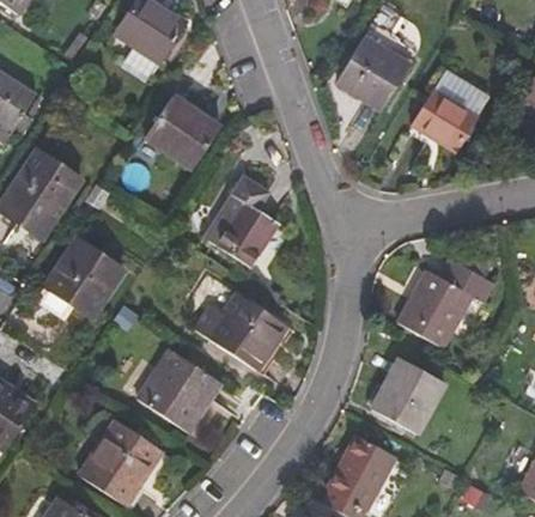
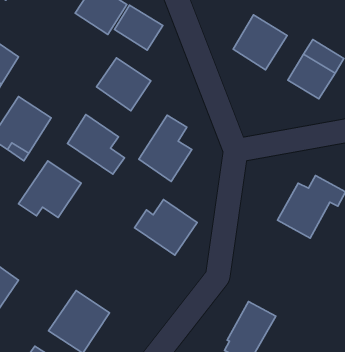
building: none -> [115,5,163,50]
building: none -> [68,115,124,174]
building: [138,348,221,432] -> none
building: [370,357,444,433] -> none

